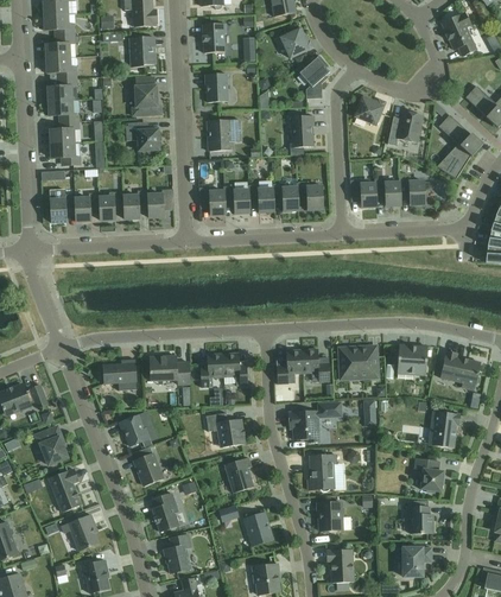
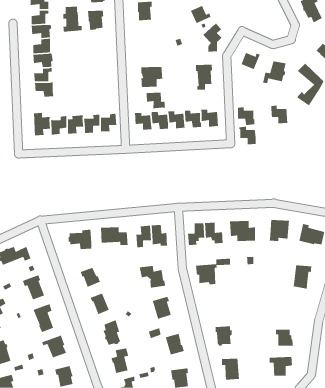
building: [205,74,228,102] -> none
building: [132,77,161,116] -> [62,6,83,32]
building: [126,122,159,154] -> none
building: none -> [146,92,166,109]
building: [374,178,400,207] -> [239,126,256,145]
building: [307,455,336,491] -> none
building: [414,458,444,494] -> none

